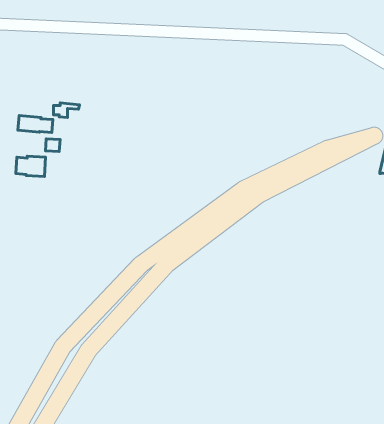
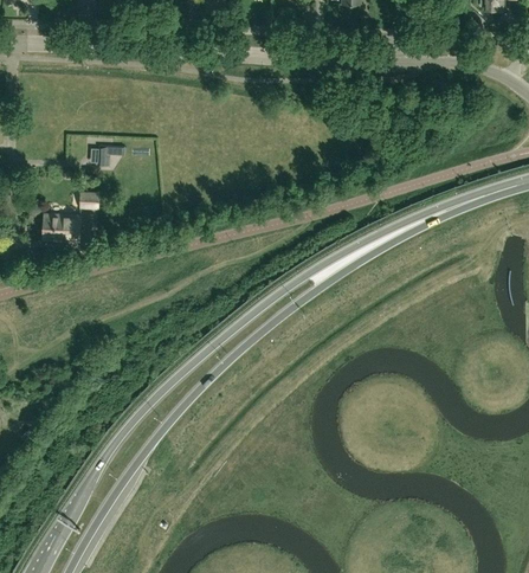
building: [18,115,53,132] -> none

